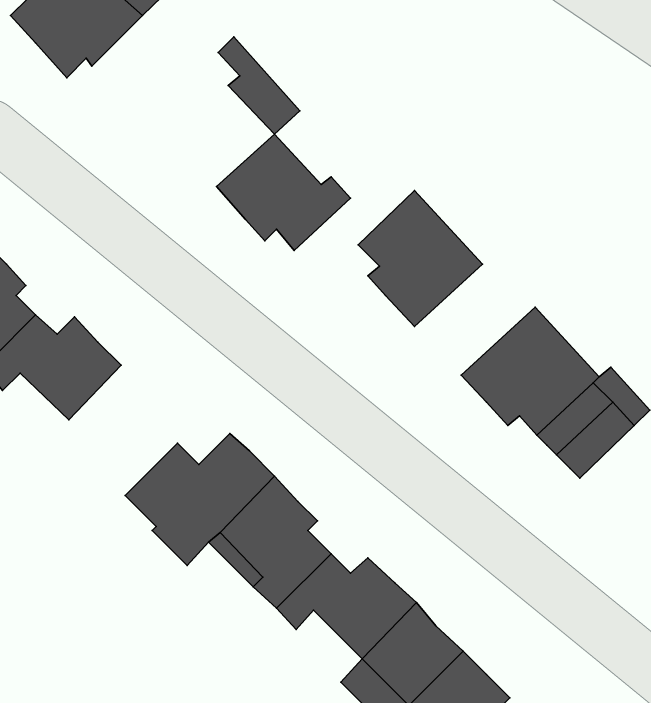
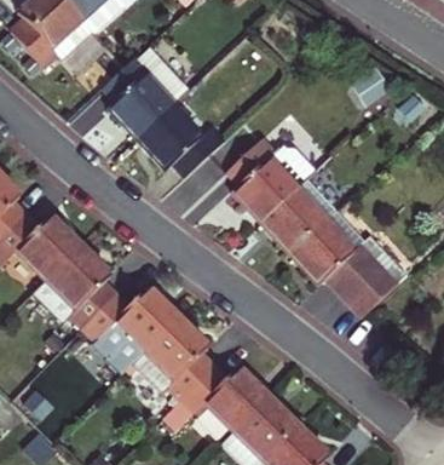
building: none -> [105,50,177,133]
building: none -> [264,178,339,251]
building: none -> [34,245,116,326]

